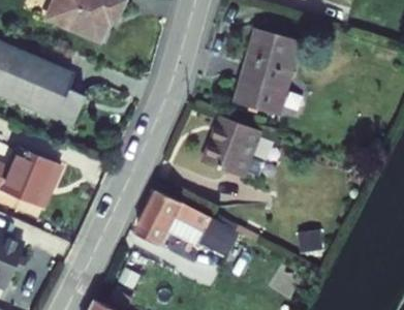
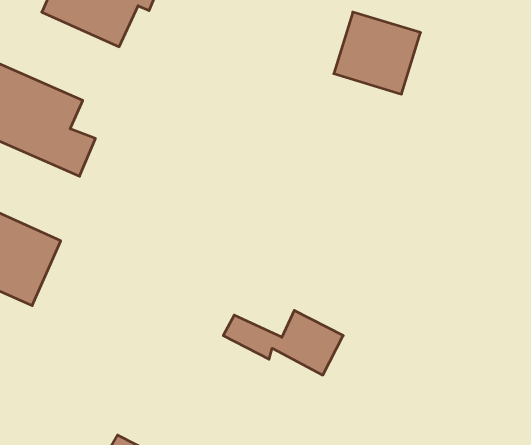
building: [231,61,285,107] -> none
building: [198,110,257,173] -> none
building: [137,188,215,244] -> none

